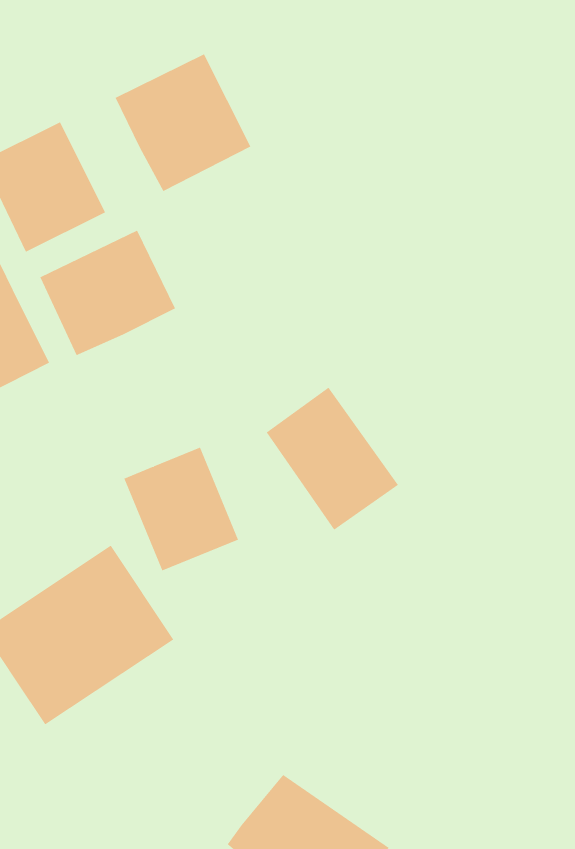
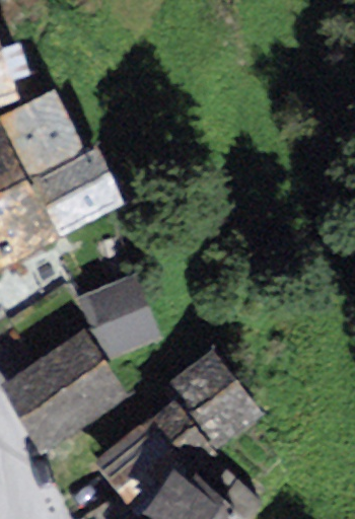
building: [115,53,251,192] -> none
building: [266,387,399,530] -> [173,356,251,439]
building: none -> [101,402,206,500]

